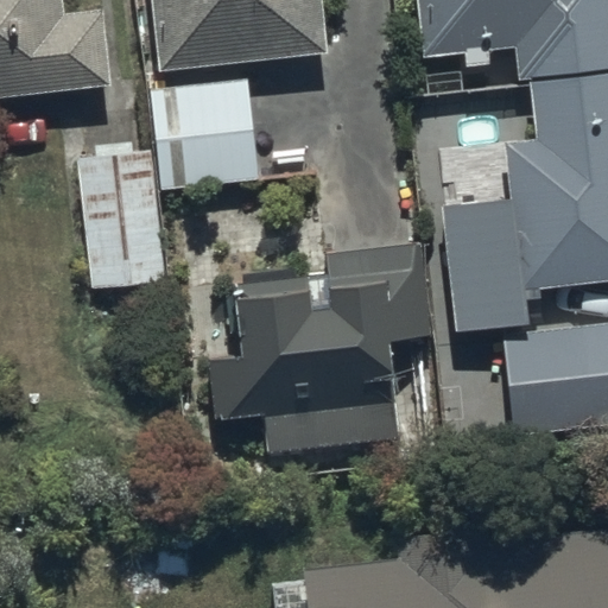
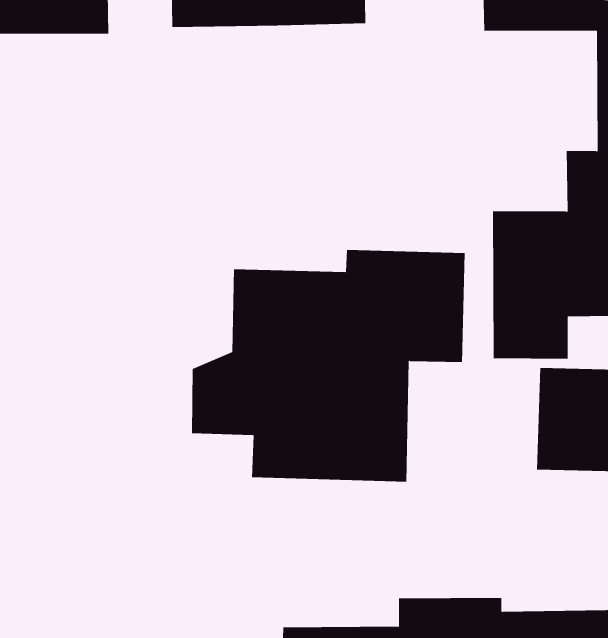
building: [150,66,265,197] -> none
building: [80,158,164,289] -> none

